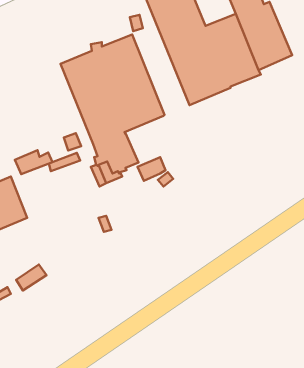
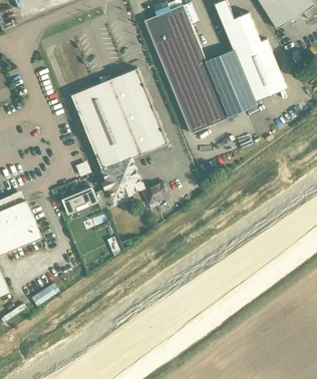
building: [15,150,53,174] -> [62,191,97,213]

